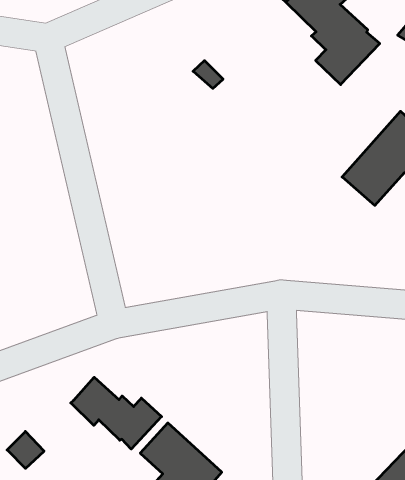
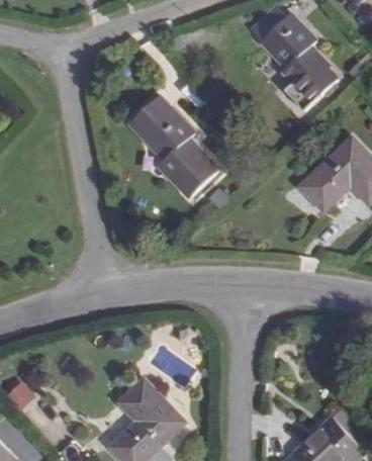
building: none -> [130,96,216,194]
building: [71,377,162,449] -> none

